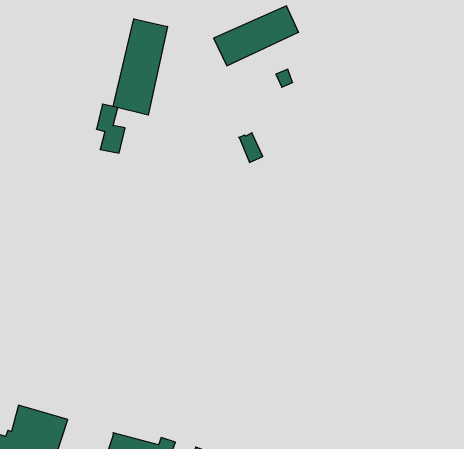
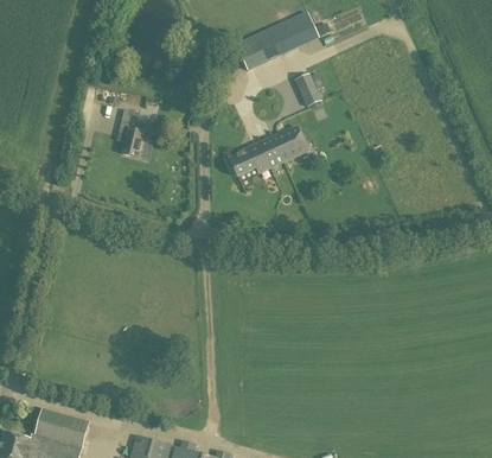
building: [113,19,167,115] -> none
building: none -> [271,128,306,161]
building: none -> [228,144,269,177]

